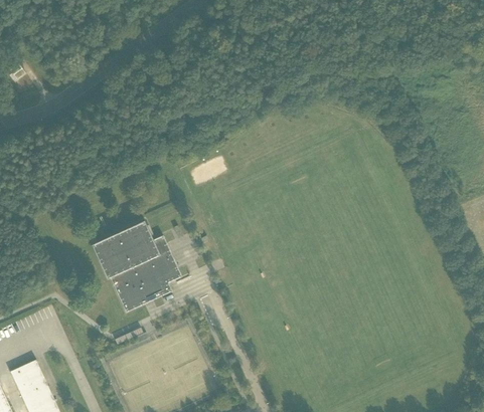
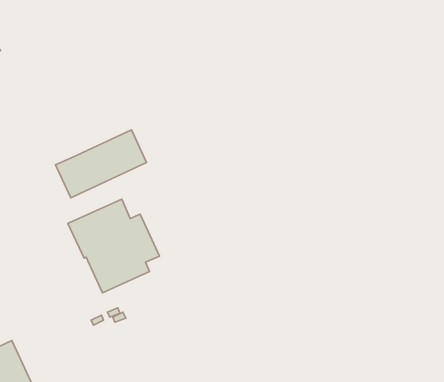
building: none -> [56,130,147,198]

